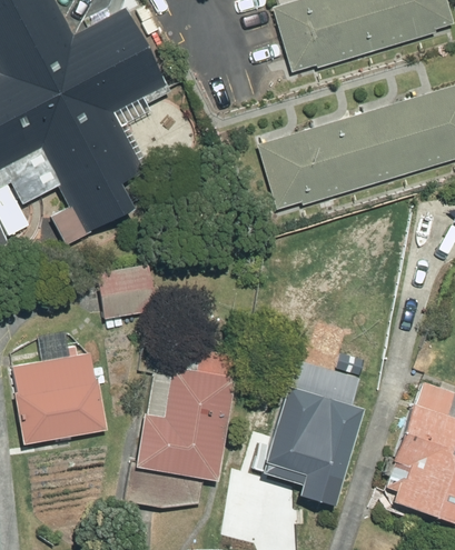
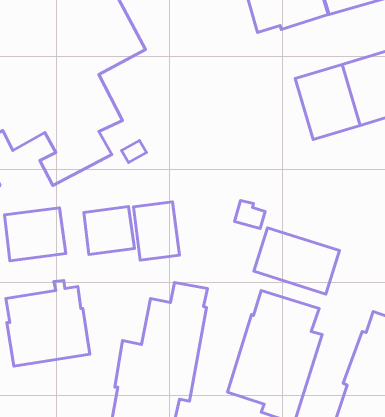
building: [258,121,355,209] -> none
building: none -> [133,202,180,260]
building: none -> [4,208,66,261]
building: none -> [254,228,340,294]

